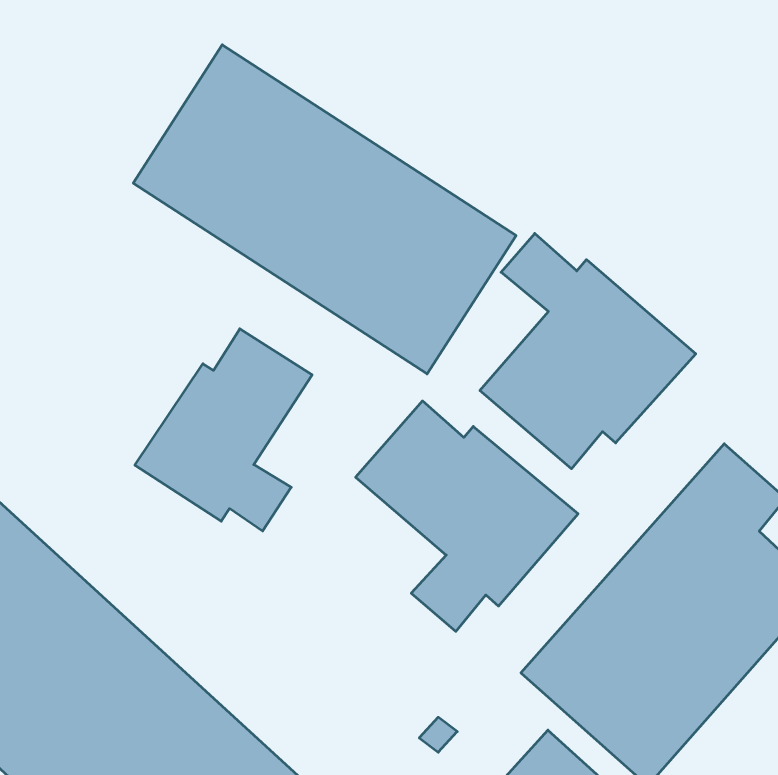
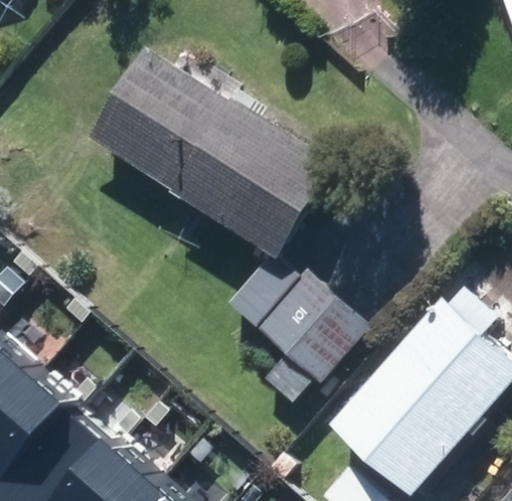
building: [480,233,696,469] -> none
building: [135,329,312,531] -> none

